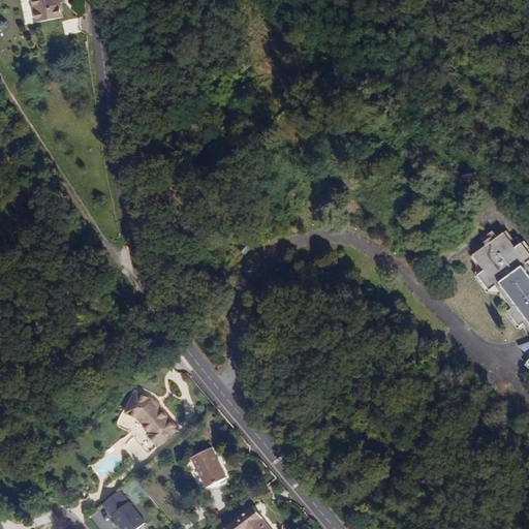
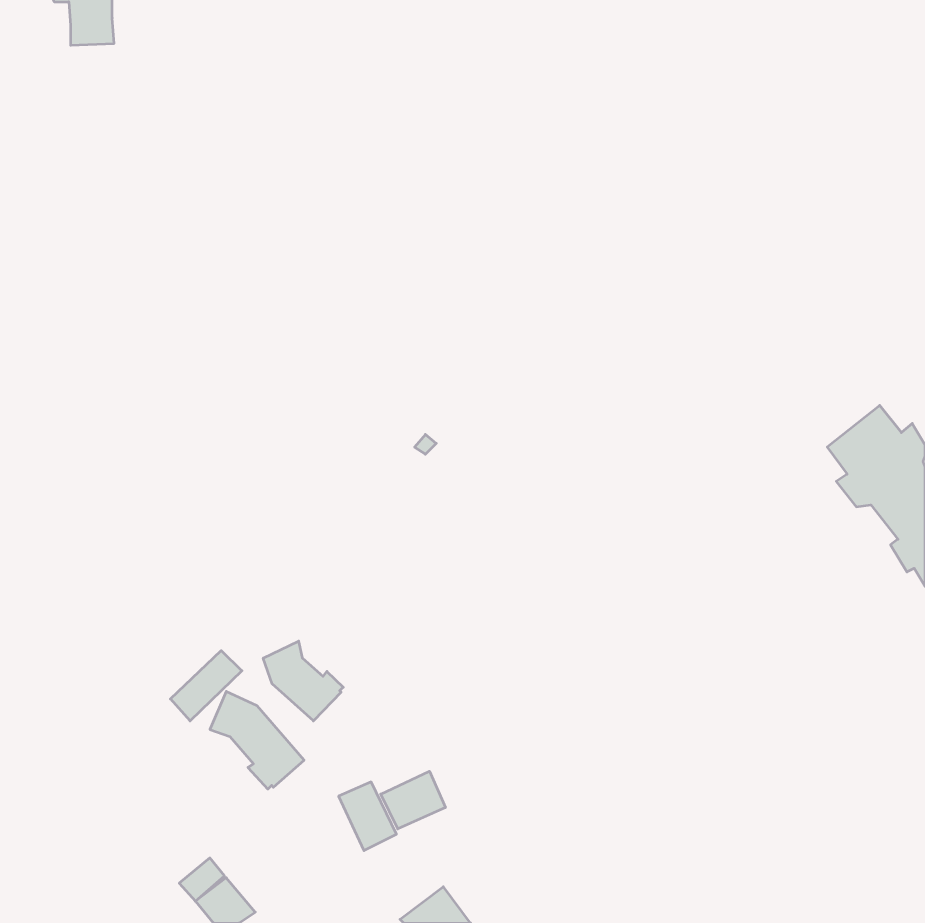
building: none -> [263,641,343,721]
building: none -> [170,651,242,721]
building: none -> [381,771,445,829]

